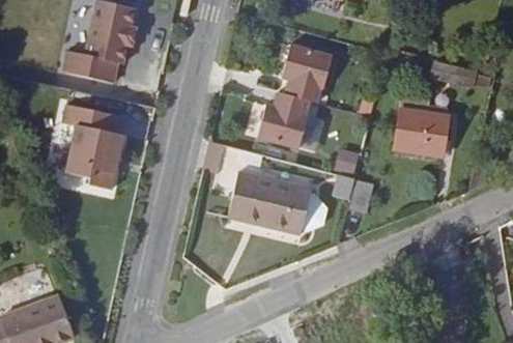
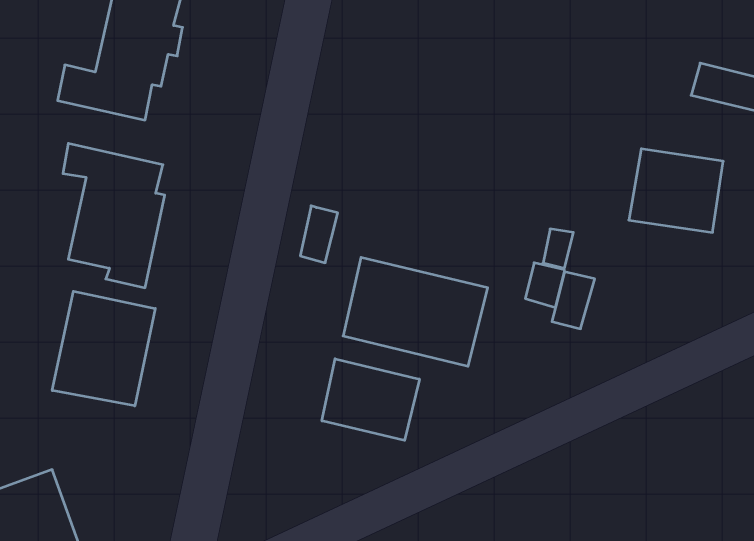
building: [257,44,331,147] -> none
building: none -> [52,291,155,406]
building: none -> [322,359,419,440]

